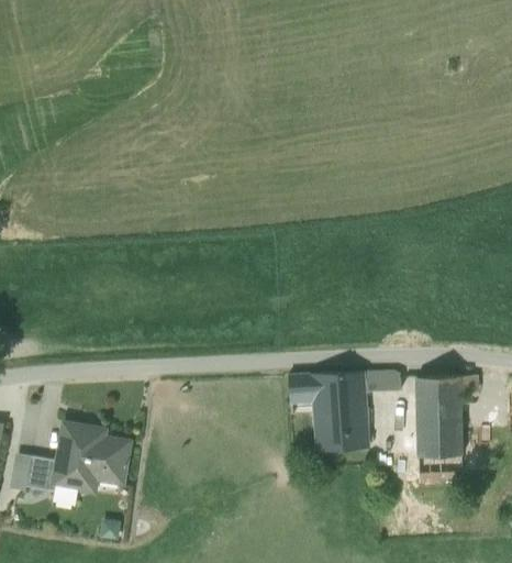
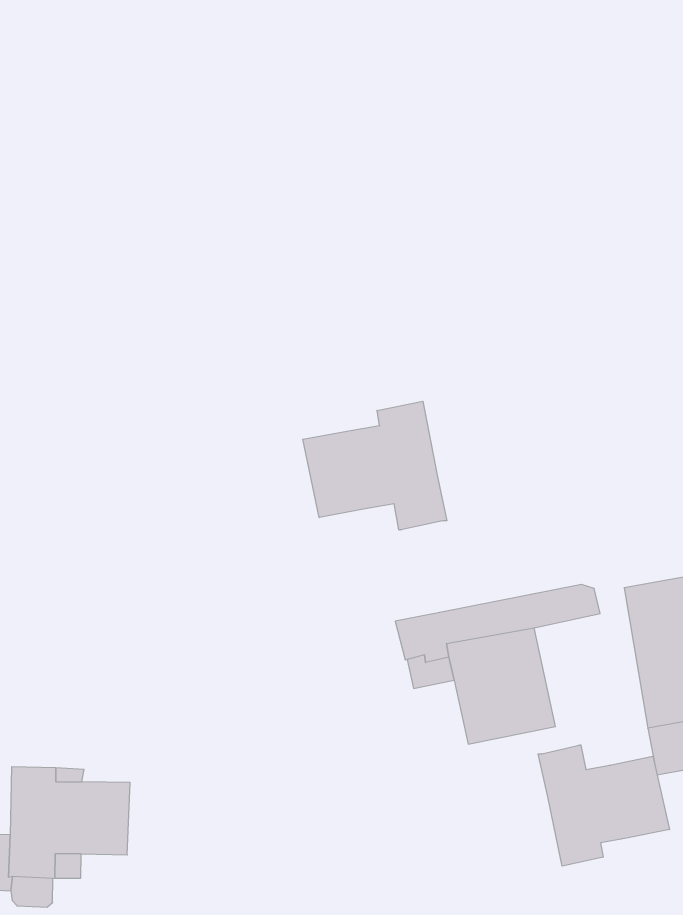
building: none -> [303,401,447,530]
building: none -> [538,745,669,866]

